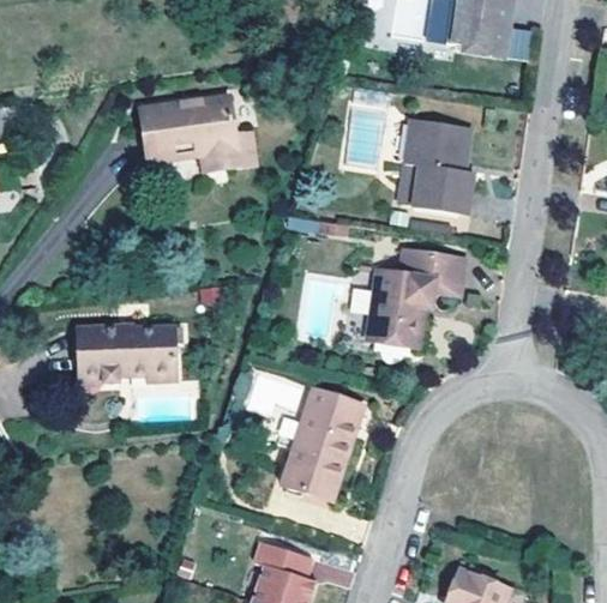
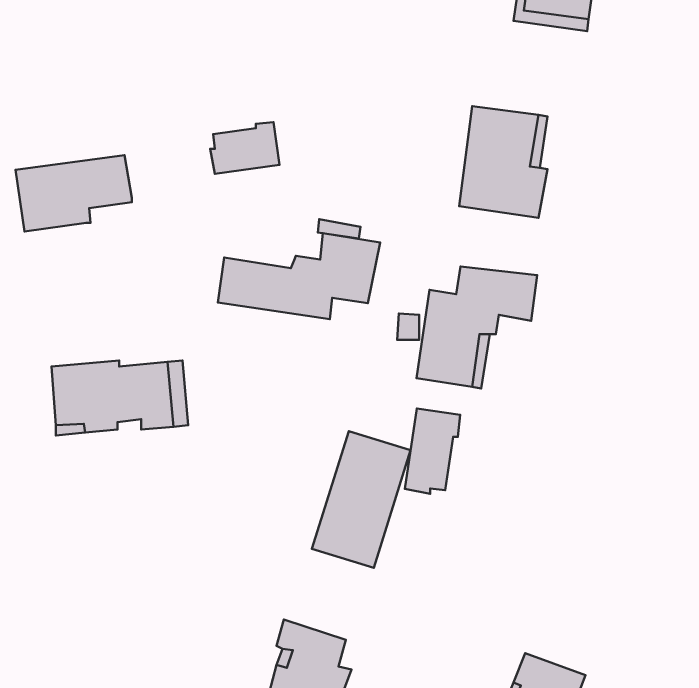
building: [143,98,238,161] -> [16,155,132,232]
building: none -> [218,233,380,319]
building: none -> [405,408,460,494]

